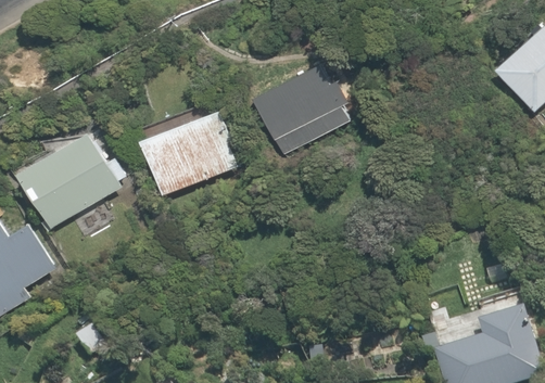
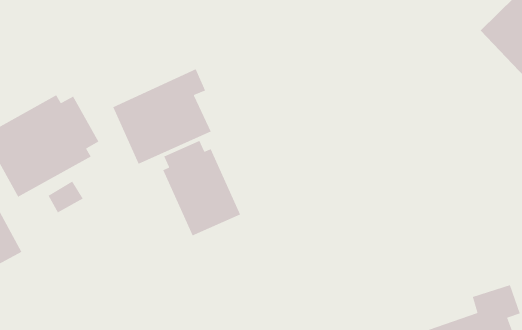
building: [252,61,348,156] -> none
building: none -> [162,140,241,237]

